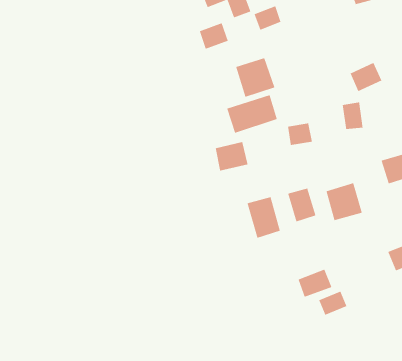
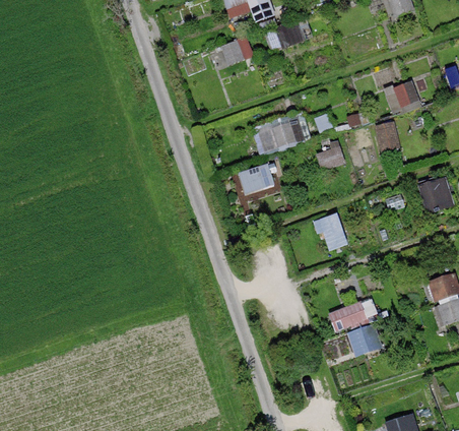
building: [235,57,275,98] -> none
building: [326,182,363,221] -> none
building: [247,196,281,239] -> none

